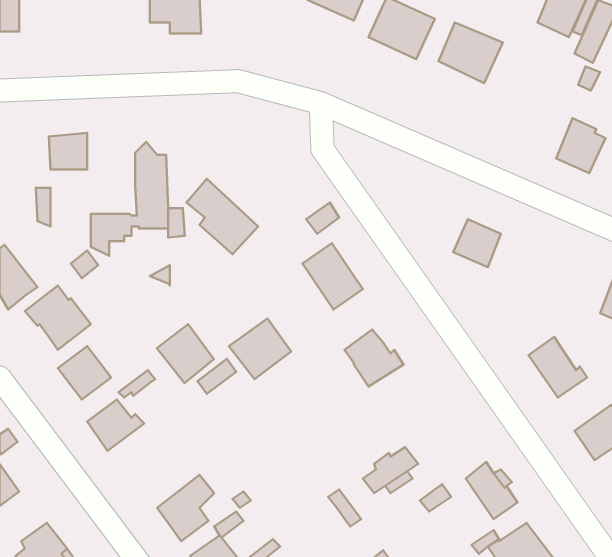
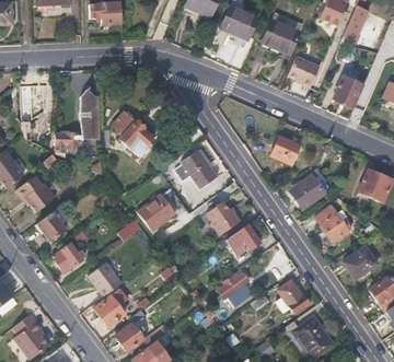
building: none -> [288,56,320,87]
building: none -> [289,175,324,209]
building: [157,324,214,383] -> [88,261,121,296]
building: none -> [225,224,260,249]

